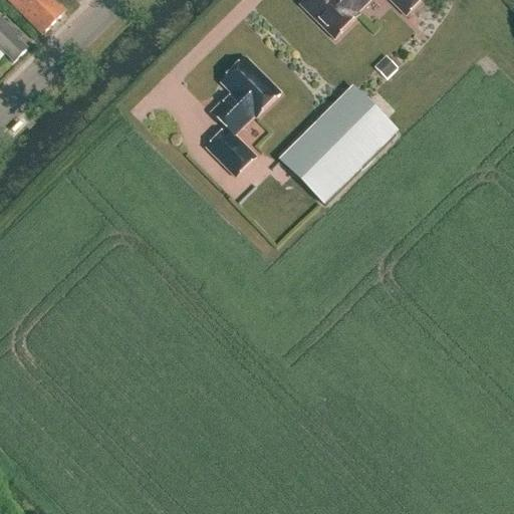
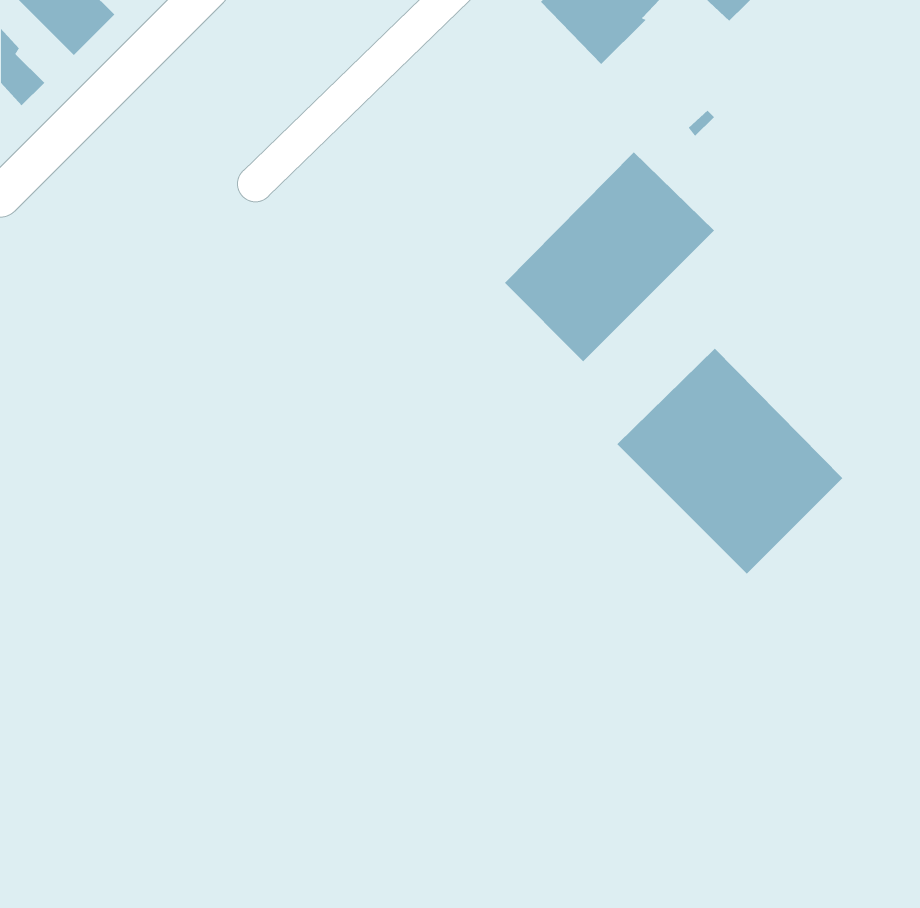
building: [207,55,281,174] -> none
building: none -> [617,348,843,575]

